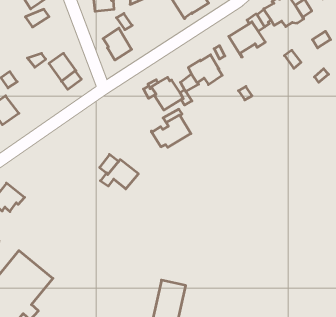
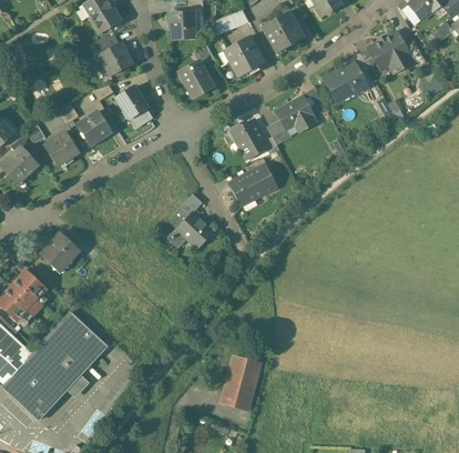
building: none -> [225,37,265,78]
building: none -> [100,43,132,77]
building: none -> [78,111,111,145]

